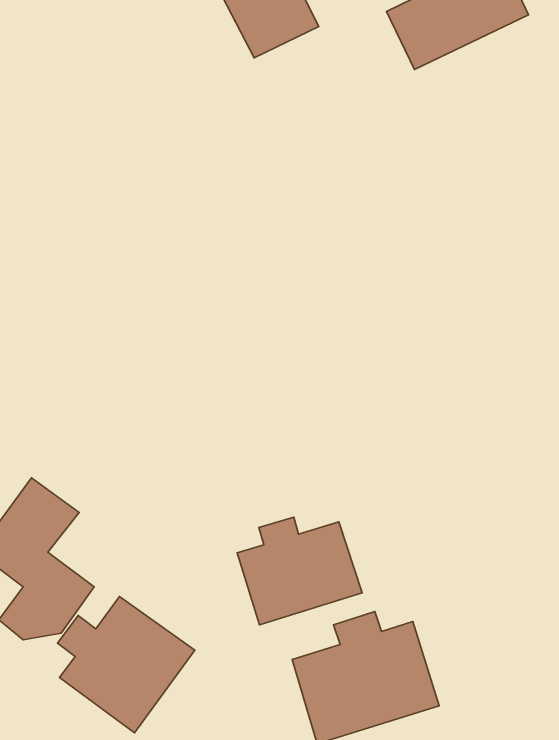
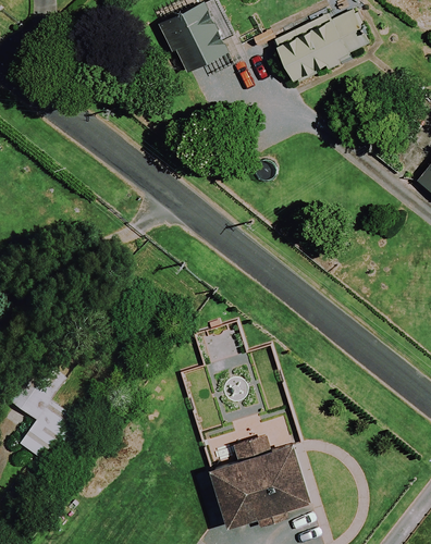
building: [237,517,362,625] -> none
building: [58,596,195,733] -> none

